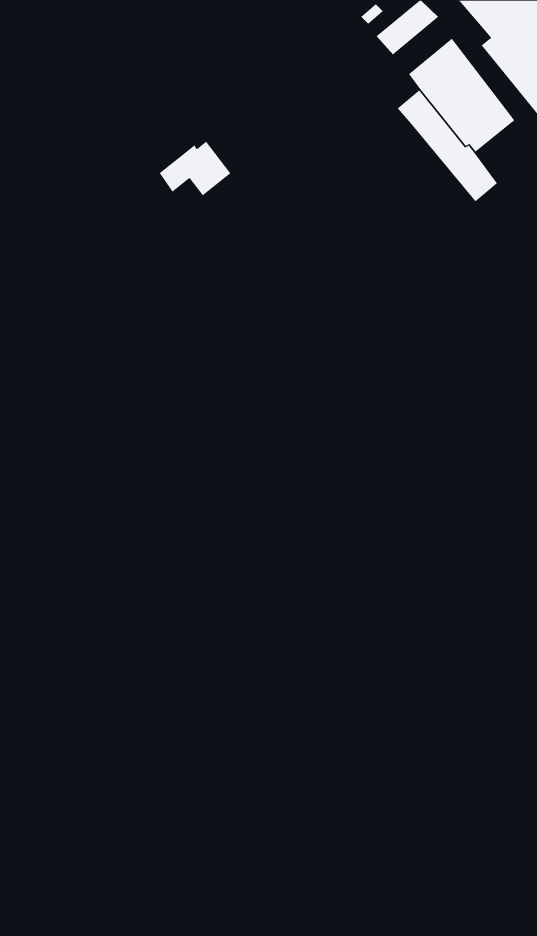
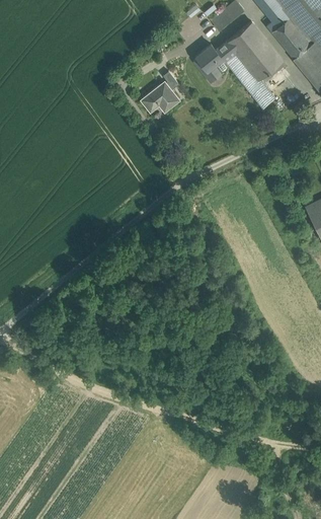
building: none -> [195,41,234,81]
building: [159,141,231,196] -> [141,82,179,112]

